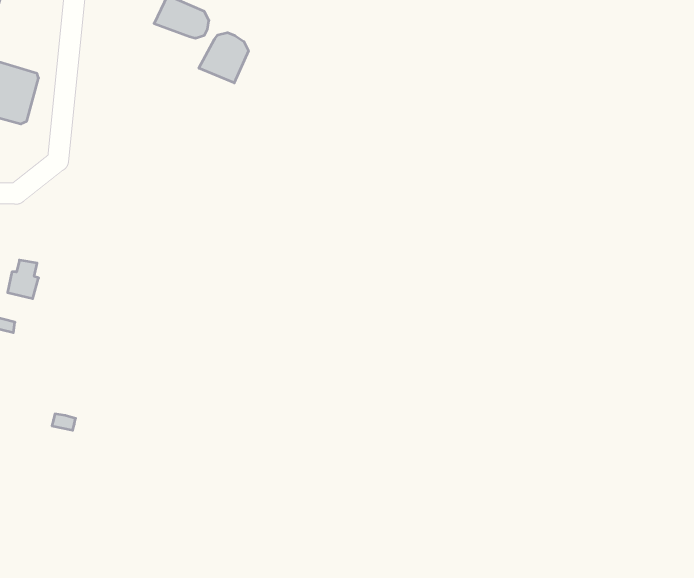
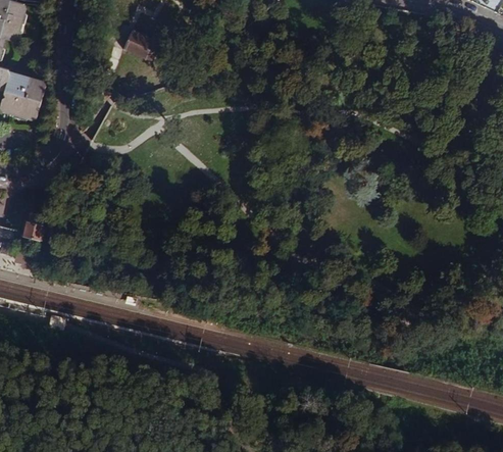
building: [199,33,248,83] -> none

